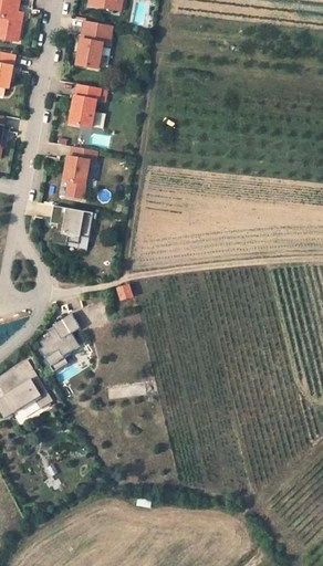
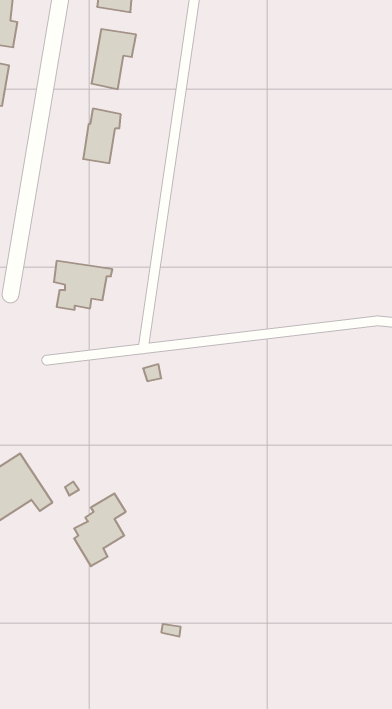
building: [64,150,96,187] -> none
building: [38,316,79,374] -> [74,494,126,566]

